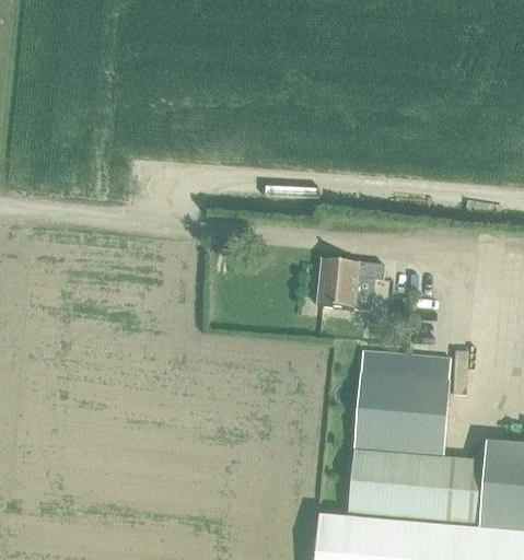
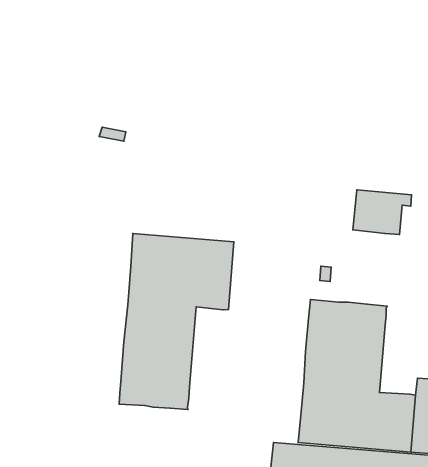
building: [317,259,385,311] -> [353,190,412,235]
building: none -> [119,234,234,409]

